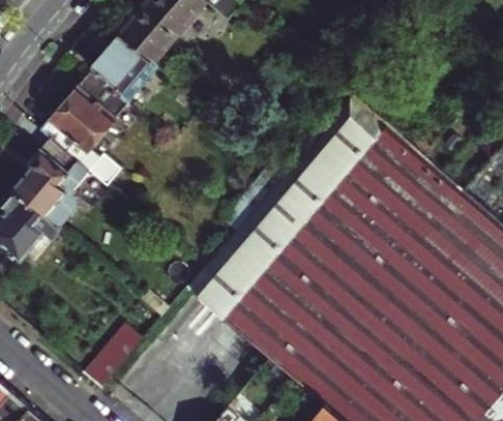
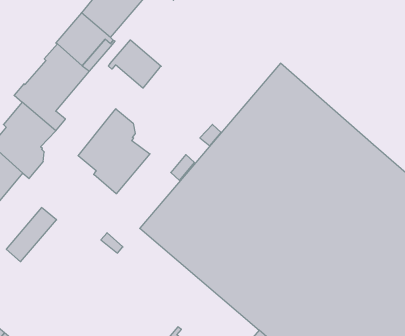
building: none -> [108,40,161,88]
building: none -> [78,109,150,194]
building: [84,325,143,388] -> [6,208,57,262]

